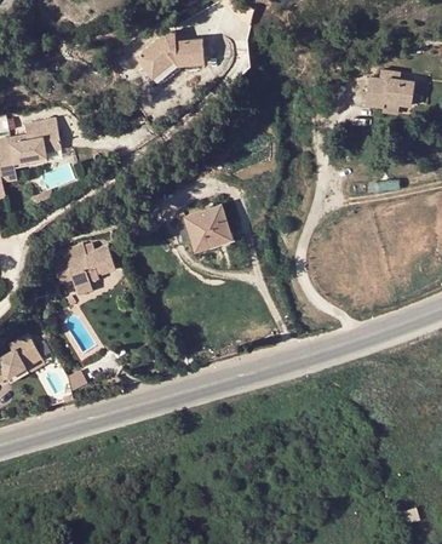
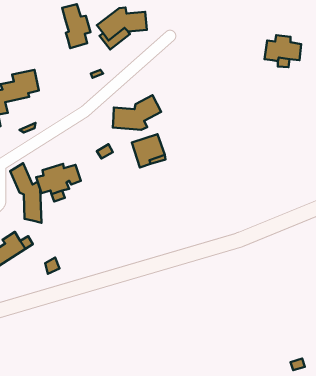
building: none -> [62,4,90,48]
building: none -> [113,95,161,130]
building: none -> [10,163,41,223]

